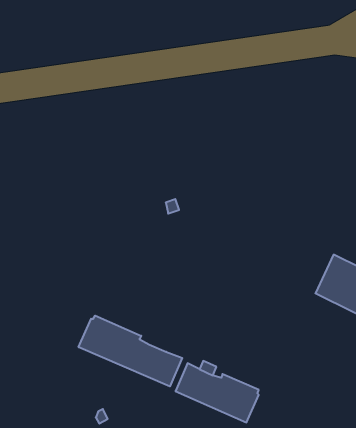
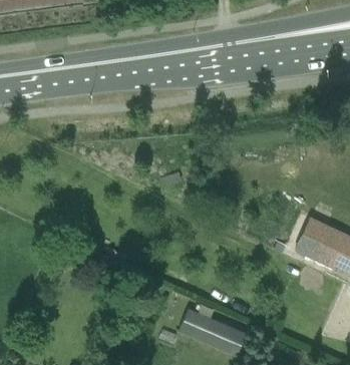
building: [79,316,182,386] -> none

